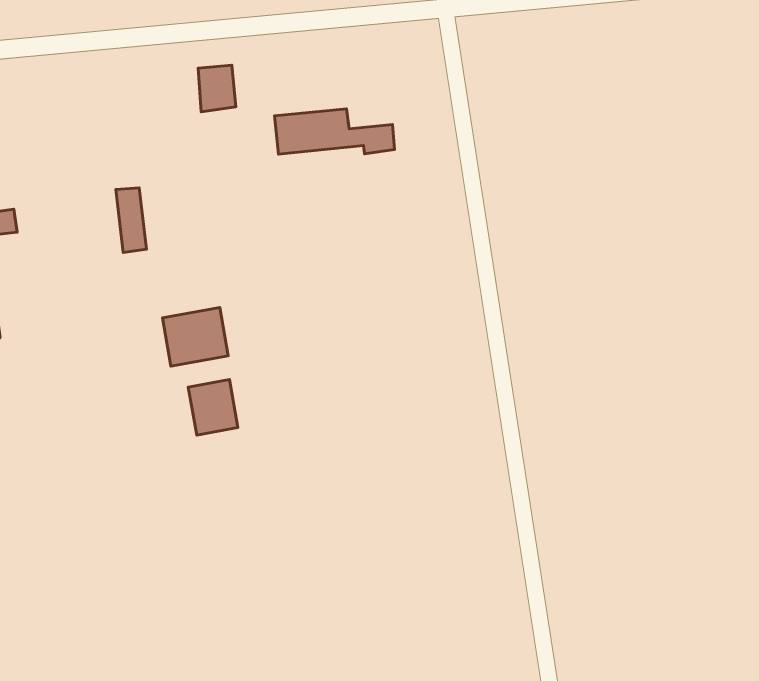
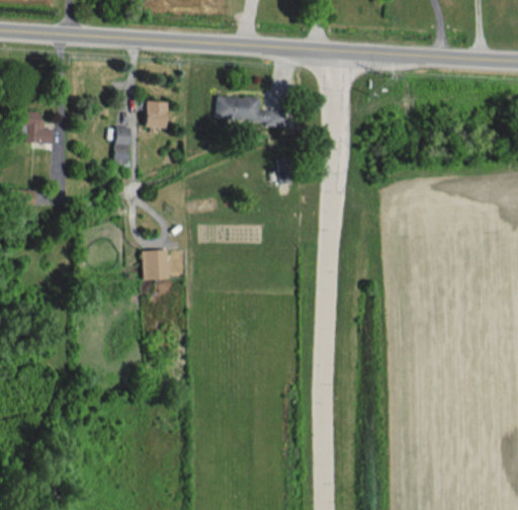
building: [198,65,236,112] -> [146,100,168,126]
building: [162,307,228,366] -> none

